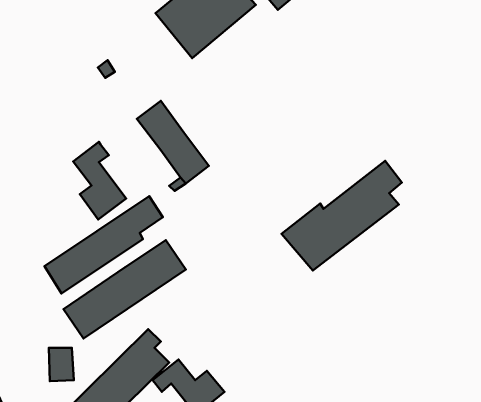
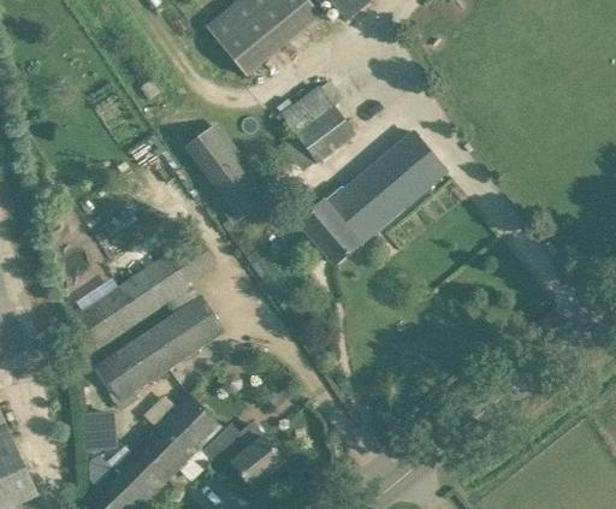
building: none -> [279,79,354,162]
building: [73,142,126,220] -> none
building: [282,161,402,271] -> [297,137,436,264]

